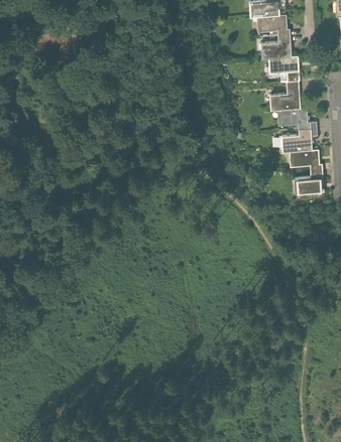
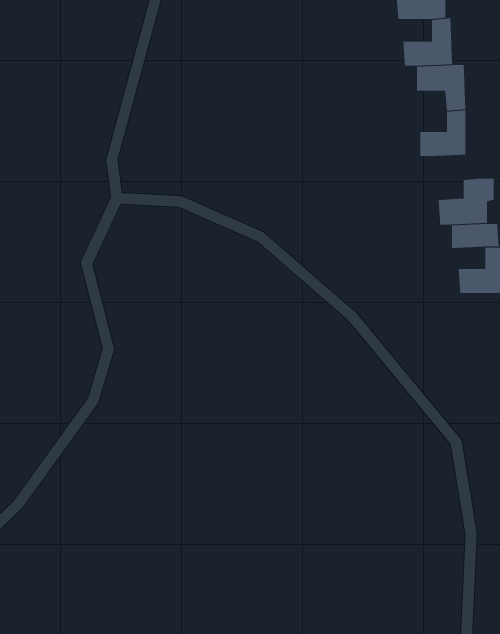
building: [276,109,308,124] -> none

